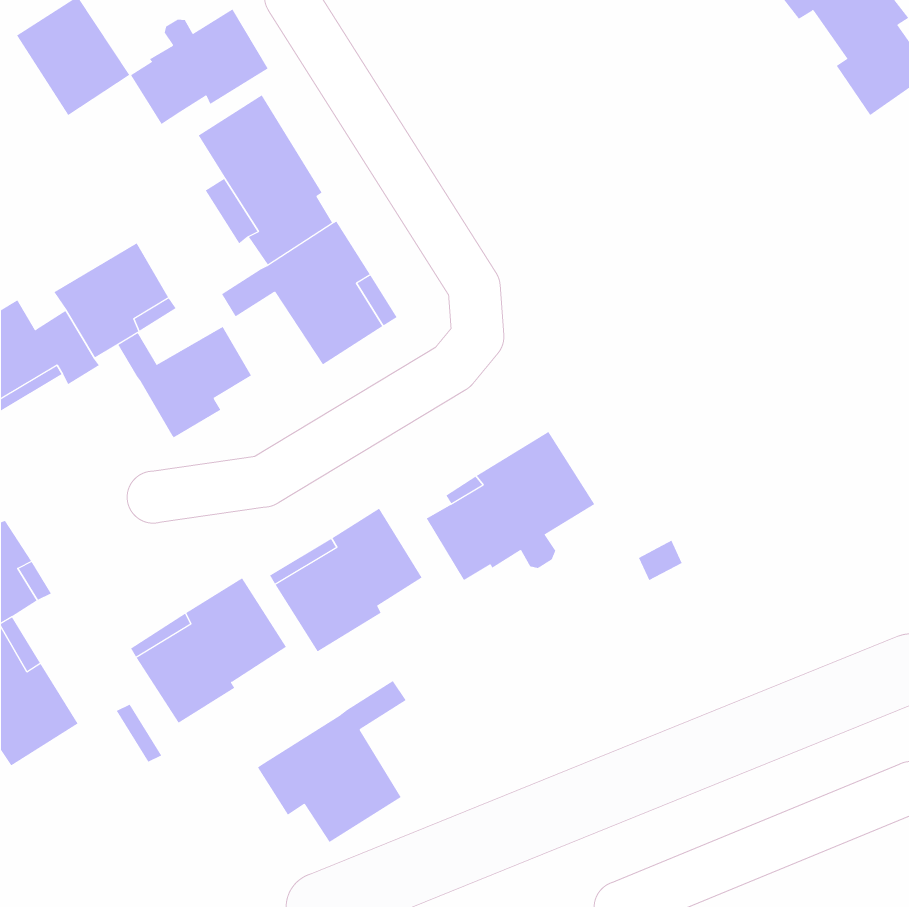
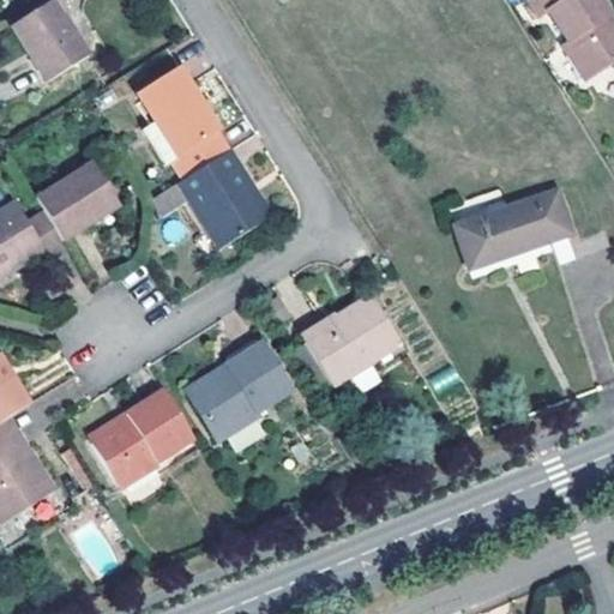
building: [130,8,268,125] -> none
building: none -> [456,188,574,267]
building: [118,326,252,438] -> none
building: [257,680,406,843] -> none

